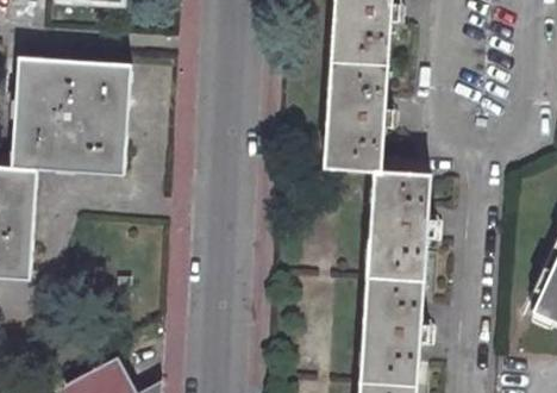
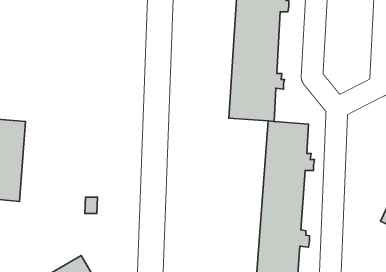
building: [11,57,133,176] -> none

